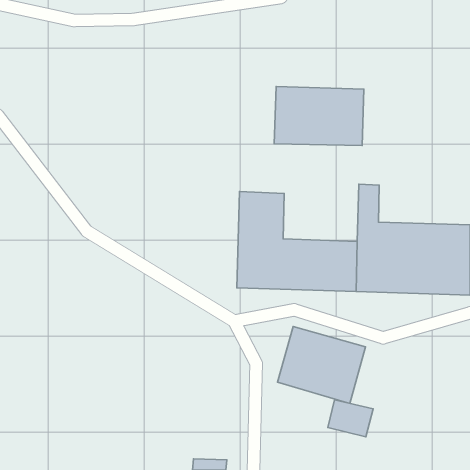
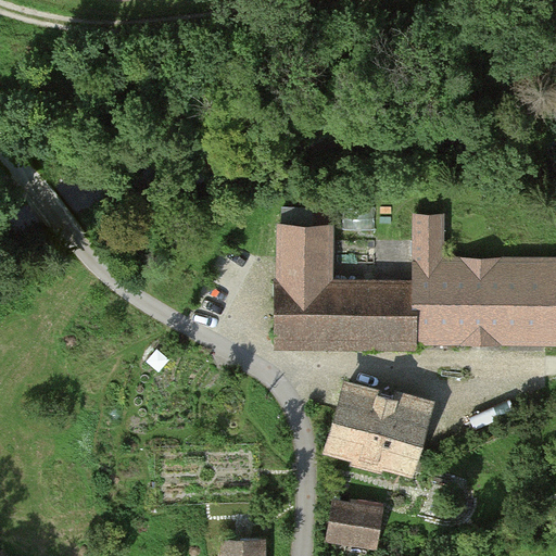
building: [274,86,364,146] -> none
building: [328,400,373,437] -> [328,500,381,543]

